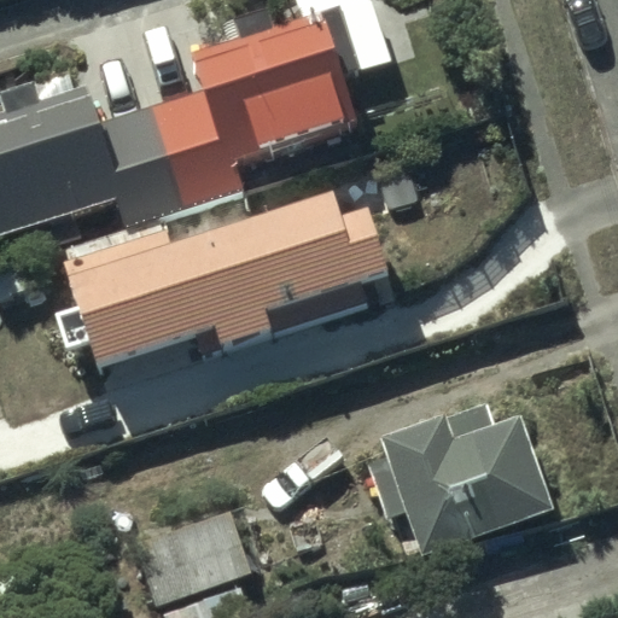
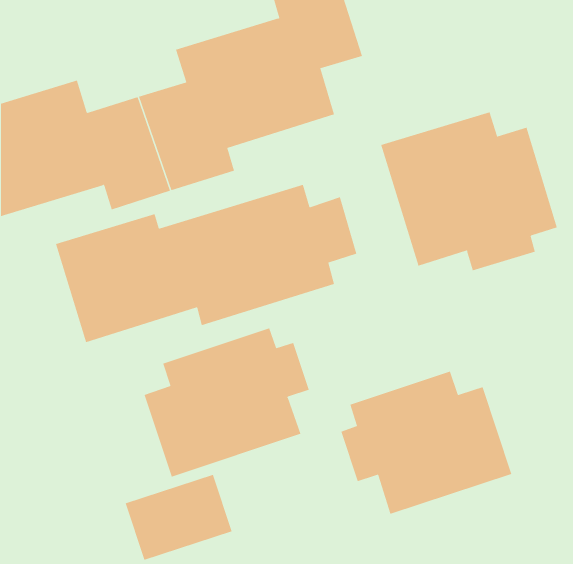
building: none -> [381,111,558,271]
building: none -> [144,327,309,478]

